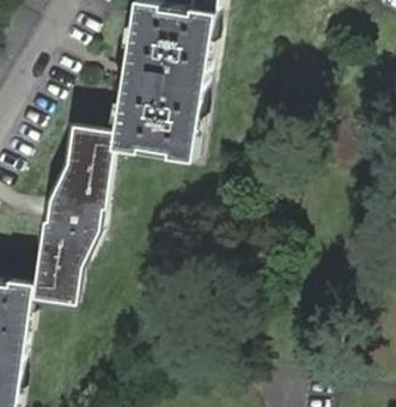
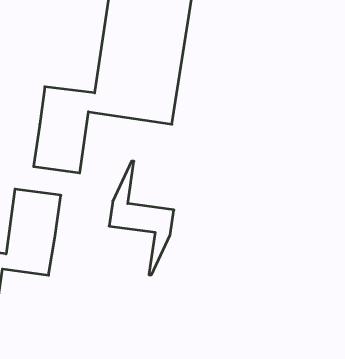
building: [41,158,103,267] -> [109,161,174,275]

